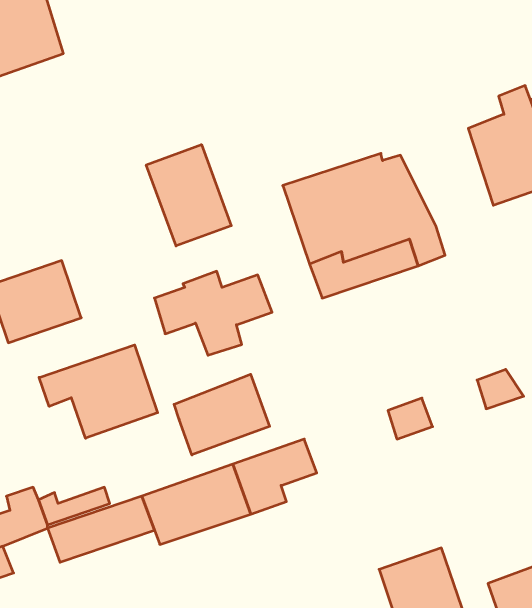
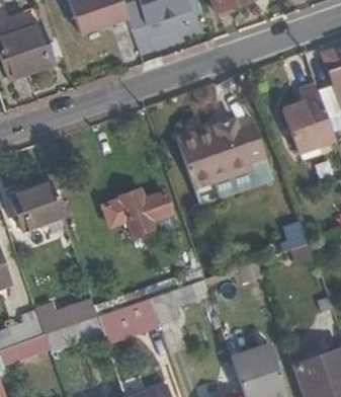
building: [146,145,231,246] -> none
building: [39,345,158,438] -> none
building: [174,374,270,455] -> none

